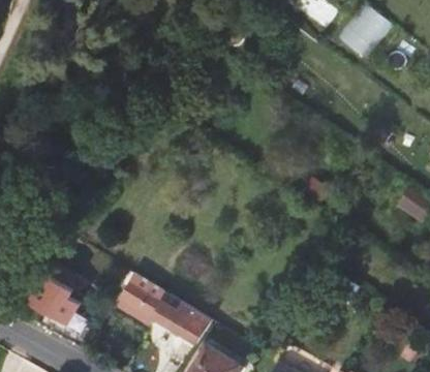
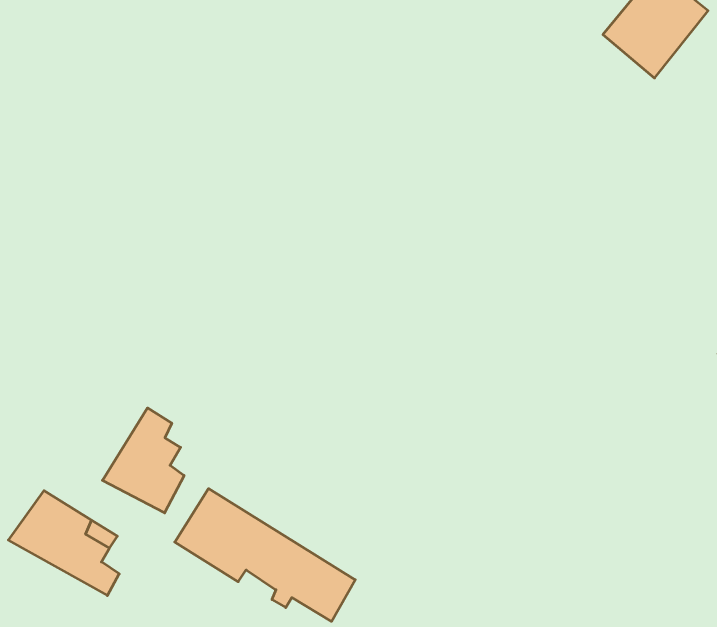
building: none -> [102,408,184,513]

